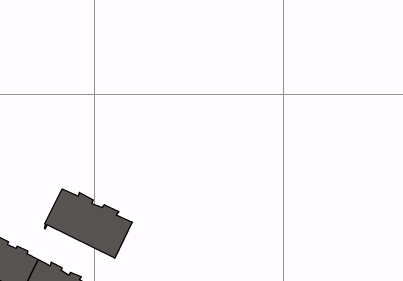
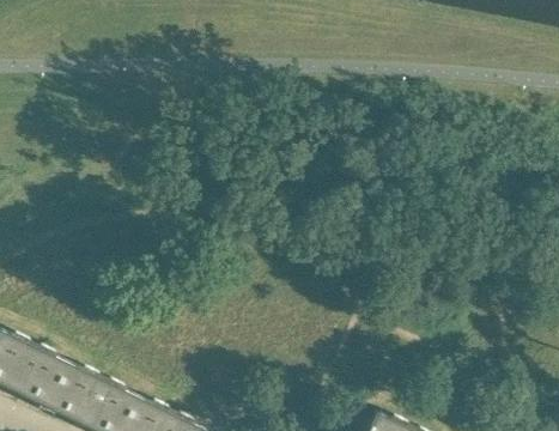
building: [44,189,132,258] -> none

